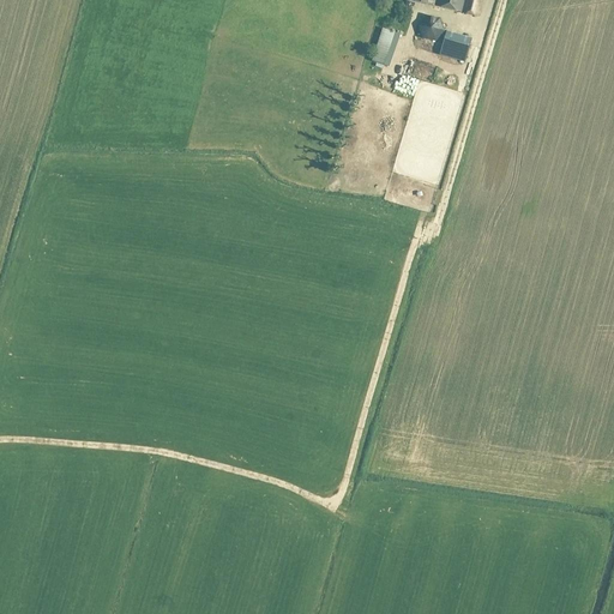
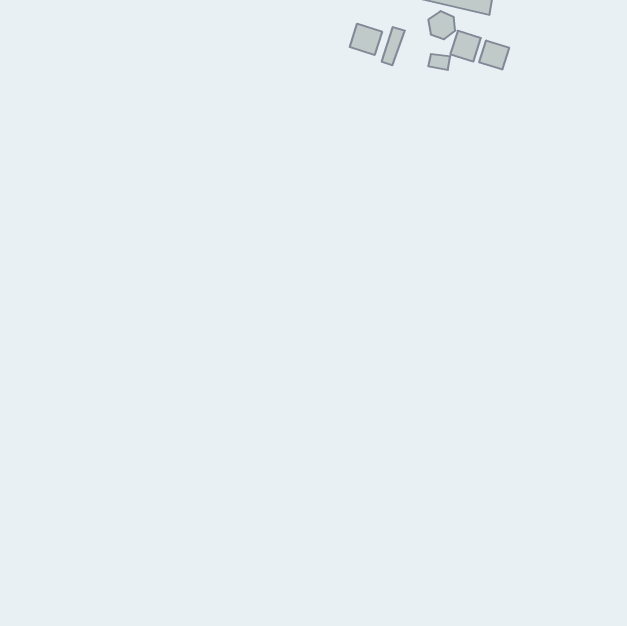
building: none -> [350,24,382,55]
building: none -> [479,40,509,70]

